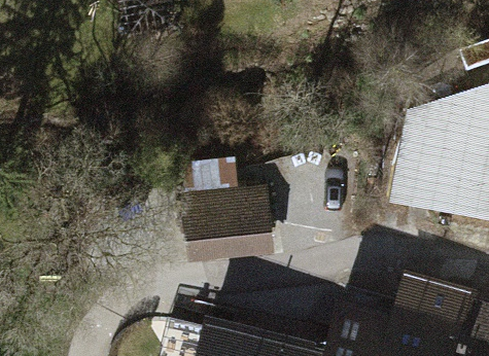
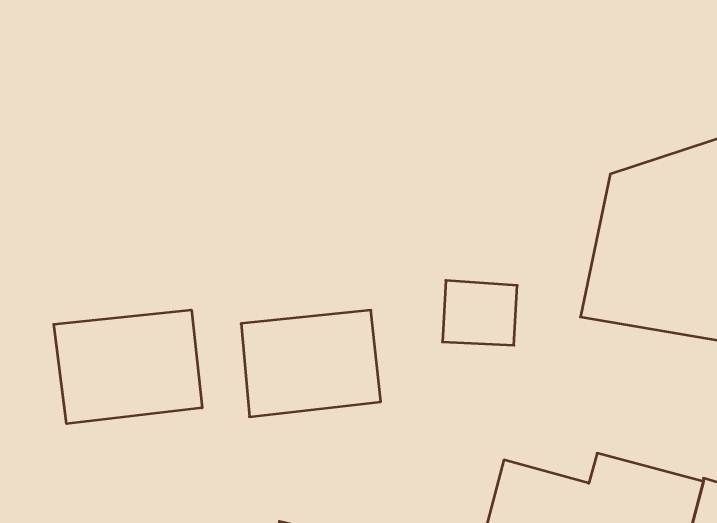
building: none -> [54,310,202,424]

